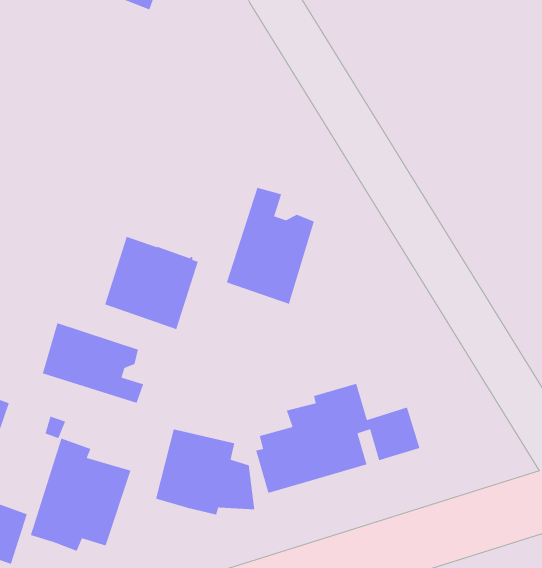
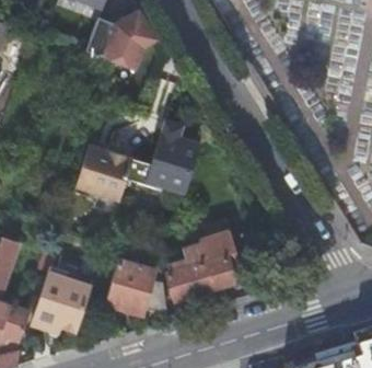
building: none -> [85,9,156,70]
building: [42,322,144,404] -> none

